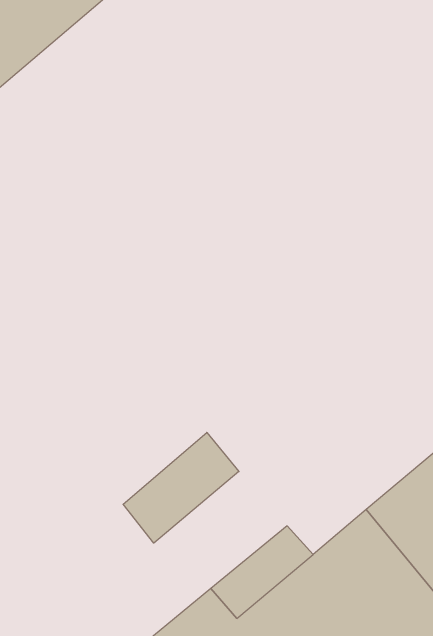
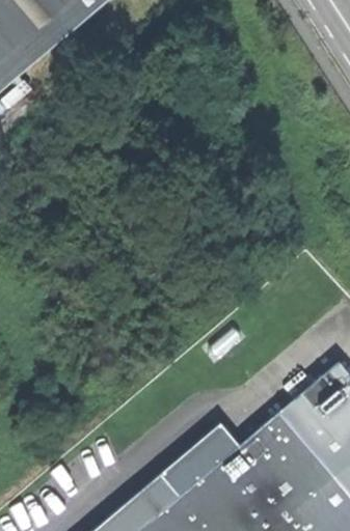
building: [123,432,239,543] -> none

